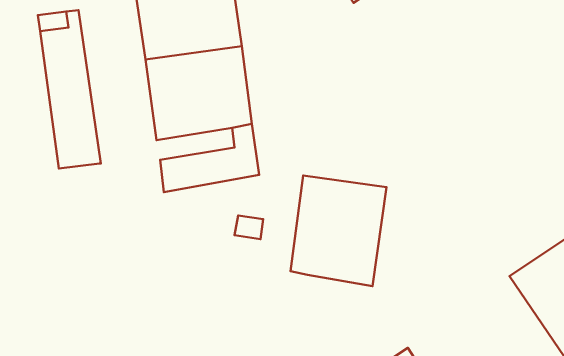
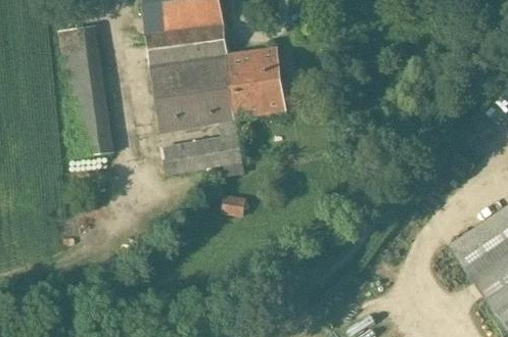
building: none -> [229,47,288,118]
building: [291,175,386,286] -> none

